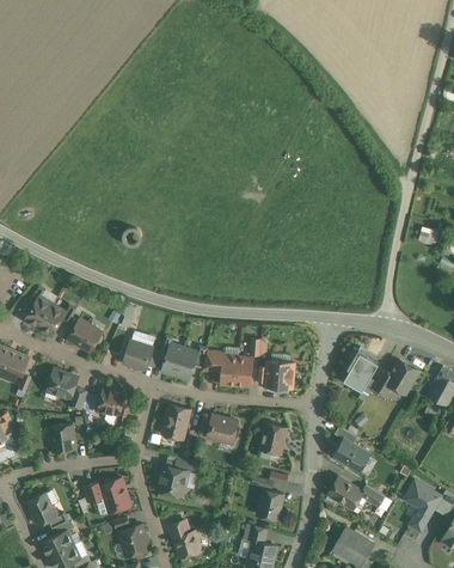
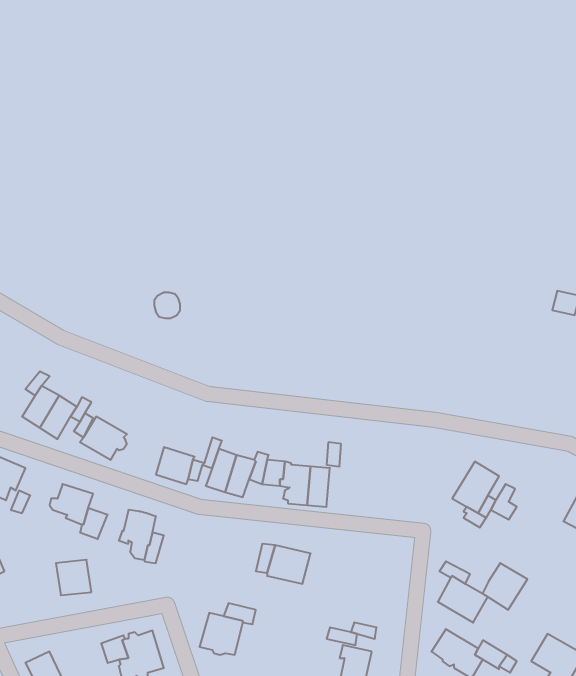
building: [386,360,419,395] -> [482,563,527,610]
building: [265,361,294,389] -> none
building: [162,405,190,440] -> none
building: [260,423,287,454] -> none

